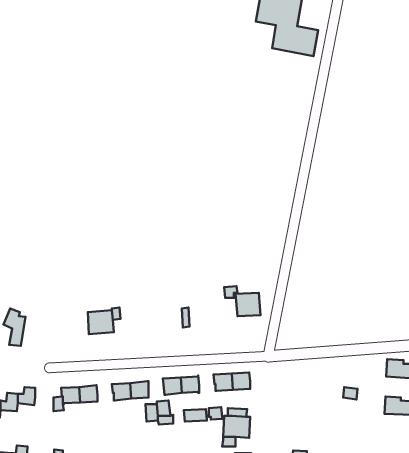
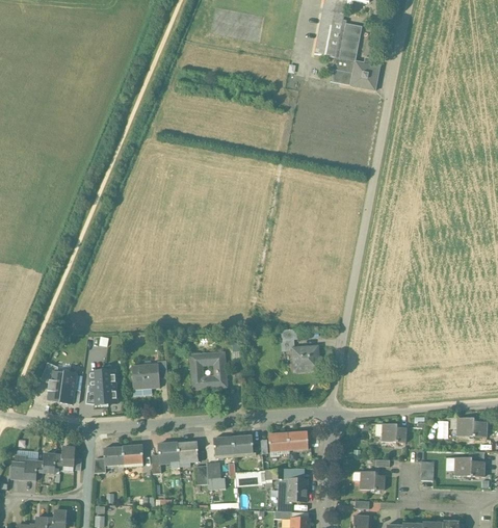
building: none -> [190,351,228,389]
building: none -> [85,369,117,405]
building: none -> [59,371,81,404]
building: none -> [381,423,405,443]
building: none -> [359,471,385,491]

